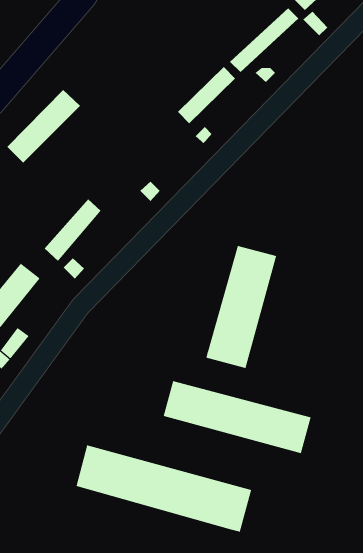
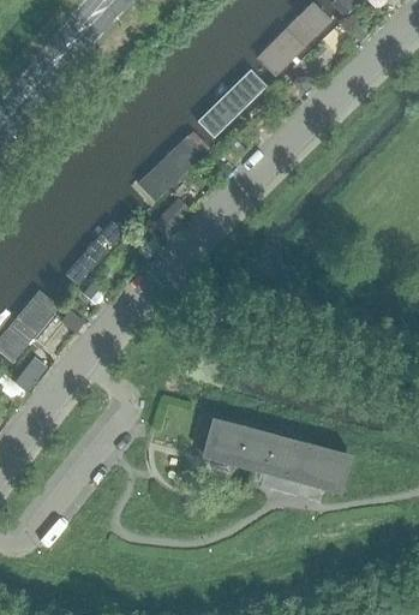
building: [7,89,81,164] -> [131,126,211,207]
building: [206,245,277,369] -> none
building: [76,445,252,533] -> none

